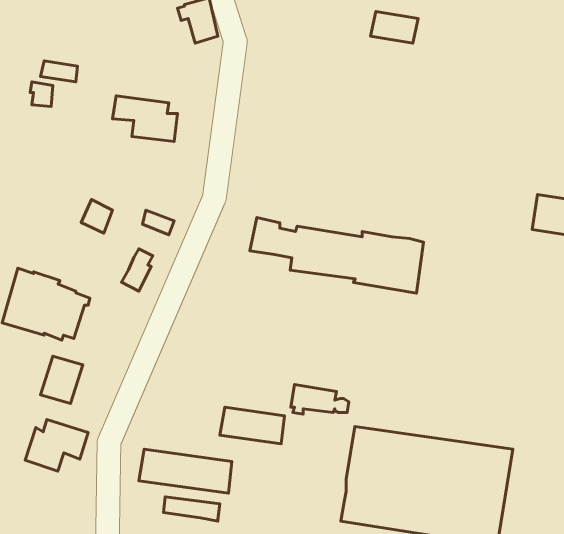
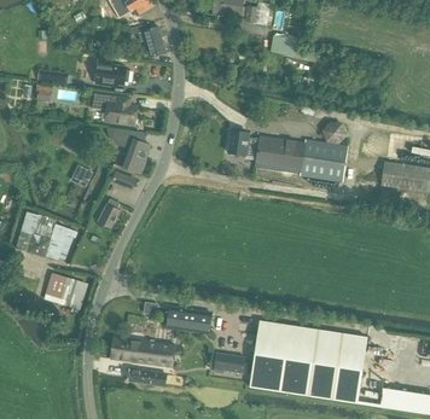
building: none -> [95,56,129,86]
building: none -> [108,127,150,173]
building: [250,217,424,293] -> [227,129,347,181]
building: [291,384,349,414] -> [213,353,252,373]
building: [25,419,88,471] -> none

